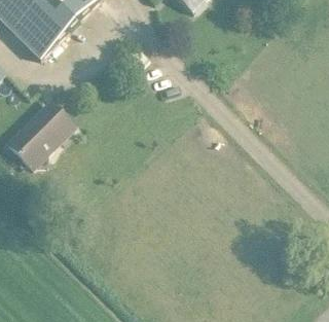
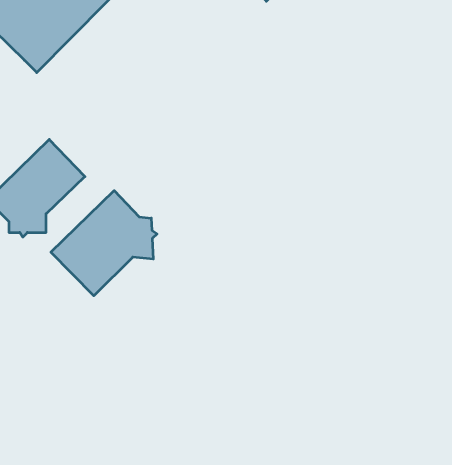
building: none -> [51,191,157,296]

